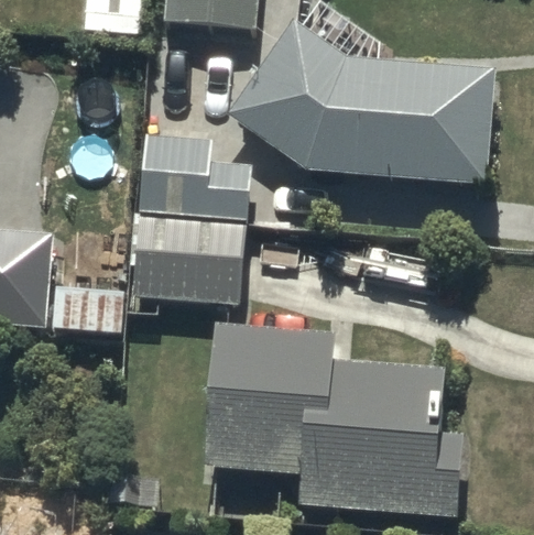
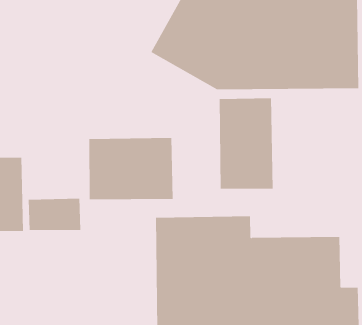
building: [140,133,251,218] -> none
building: none -> [219,97,273,189]

